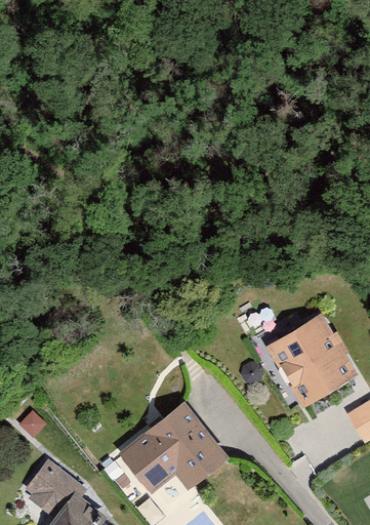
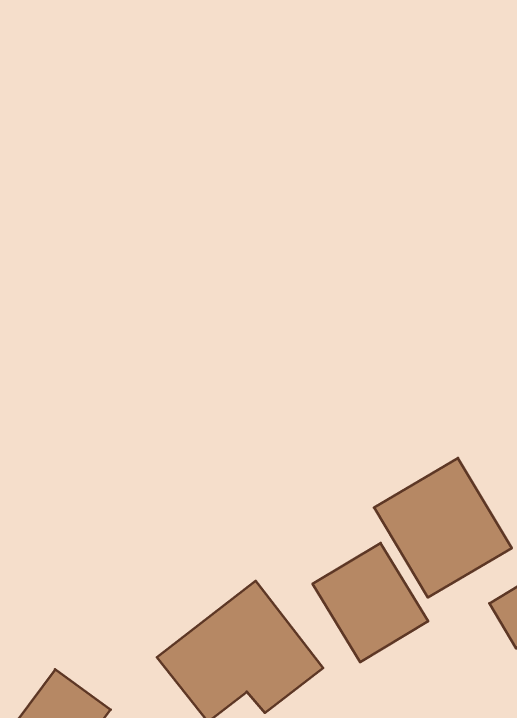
building: none -> [313,543,428,662]

